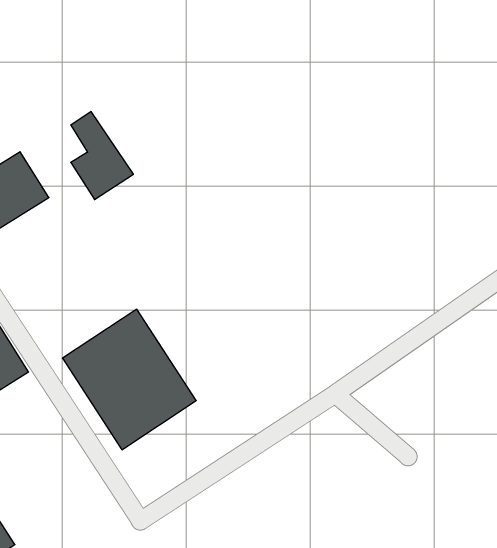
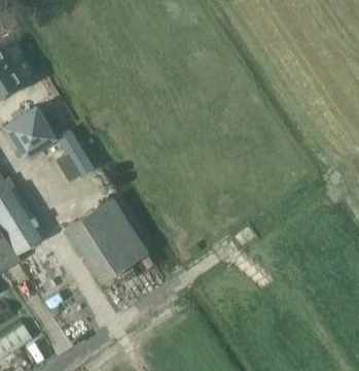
building: [71,112,133,200] -> [60,129,98,182]

